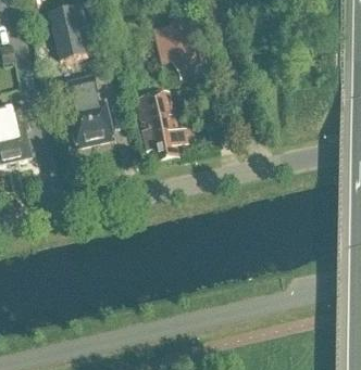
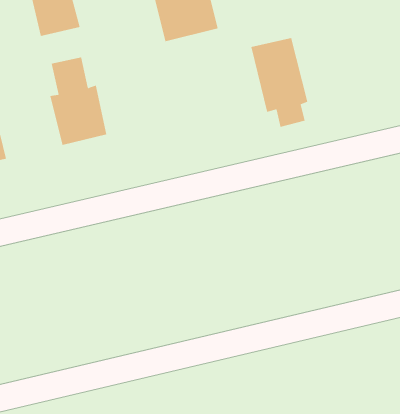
building: [133,88,179,161] -> [250,37,308,127]

